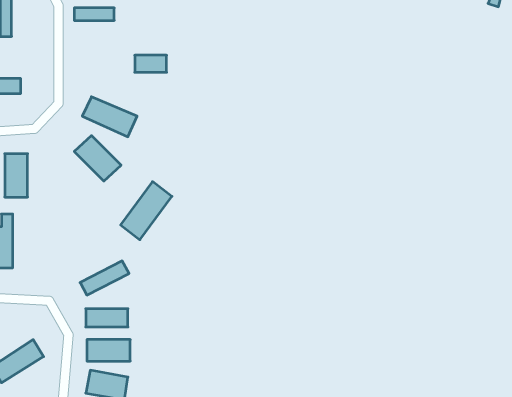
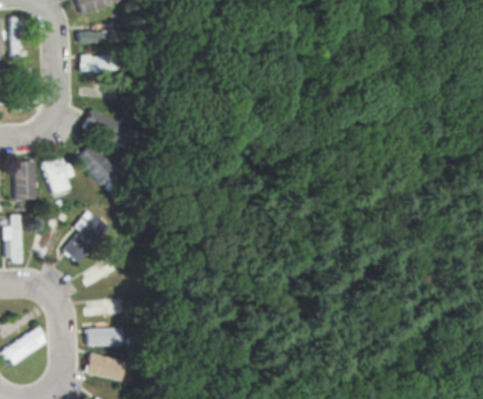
building: [135,55,167,72] -> [79,55,108,70]
building: none -> [46,158,70,193]
building: [121,182,172,240] -> [63,212,109,264]

